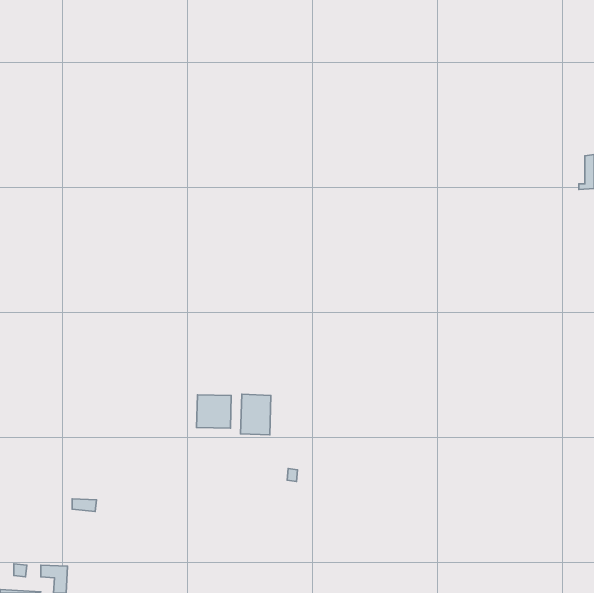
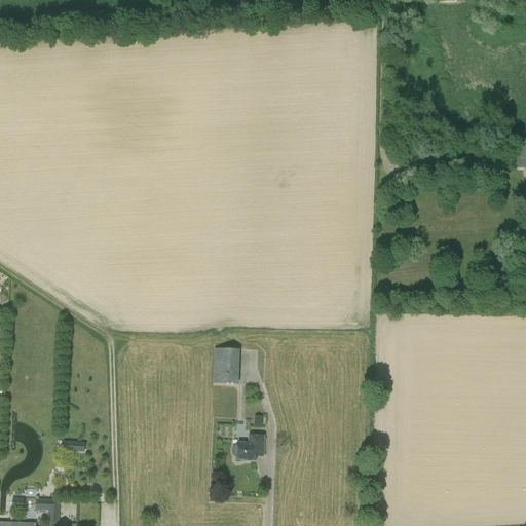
building: [197,395,231,428] -> none
building: none -> [231,435,264,461]

